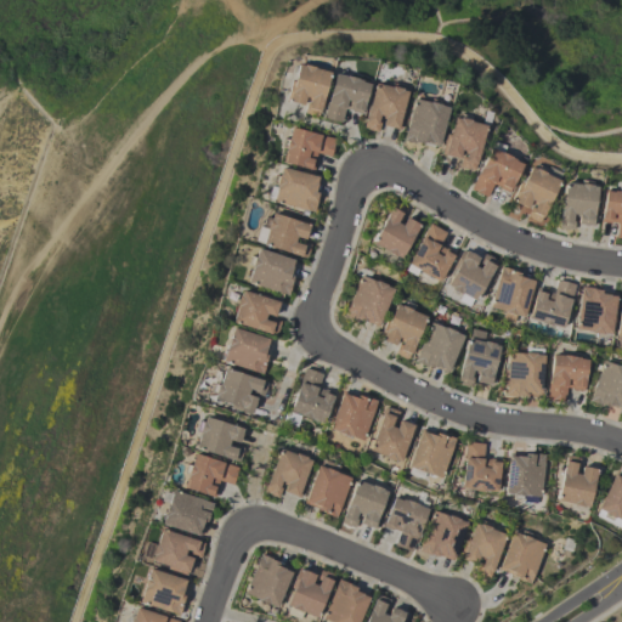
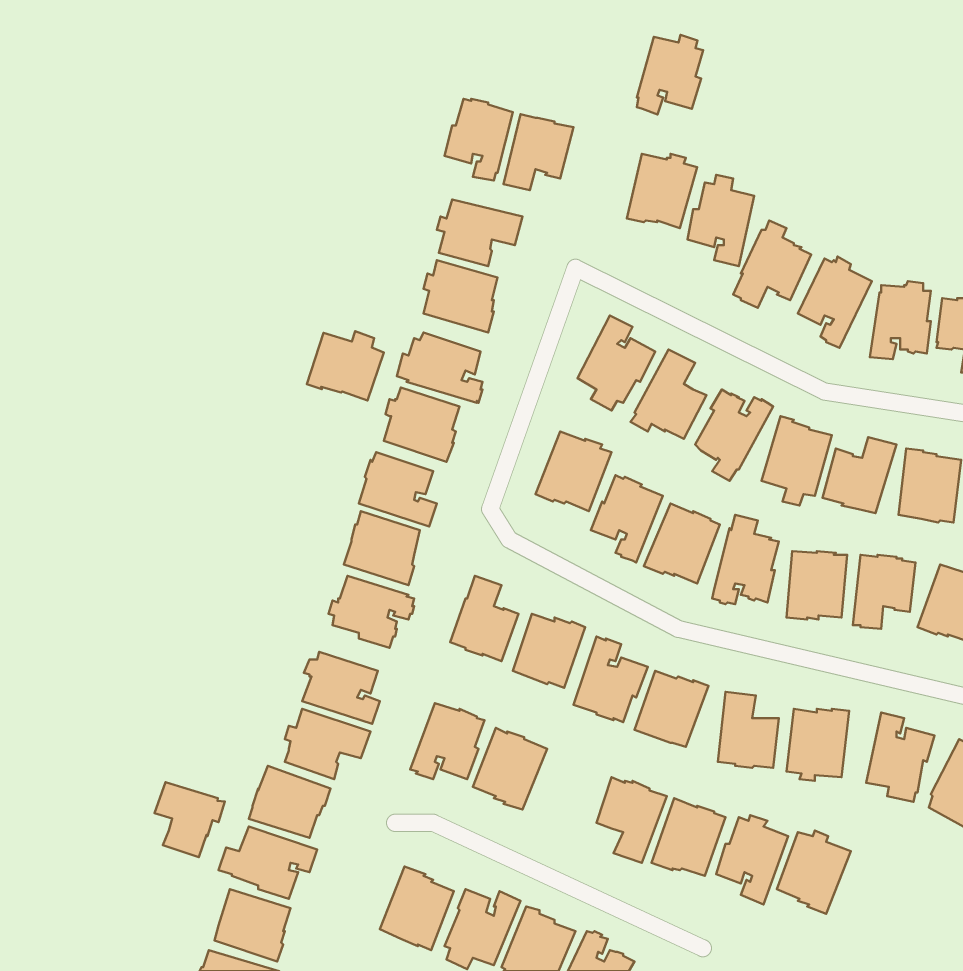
building: [367,81,409,132] -> [637,35,703,115]
building: none -> [307,331,384,400]
building: [344,480,390,528] -> none
building: none -> [155,782,225,857]

